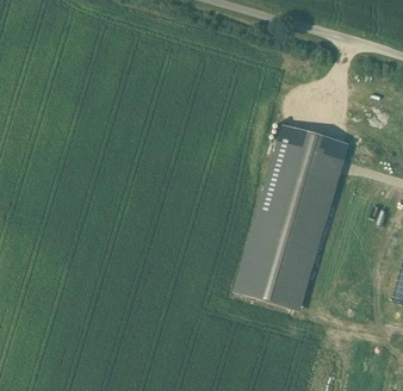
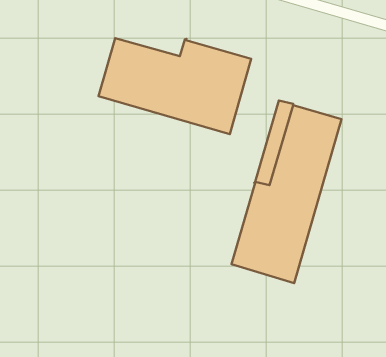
building: none -> [98,38,251,134]

